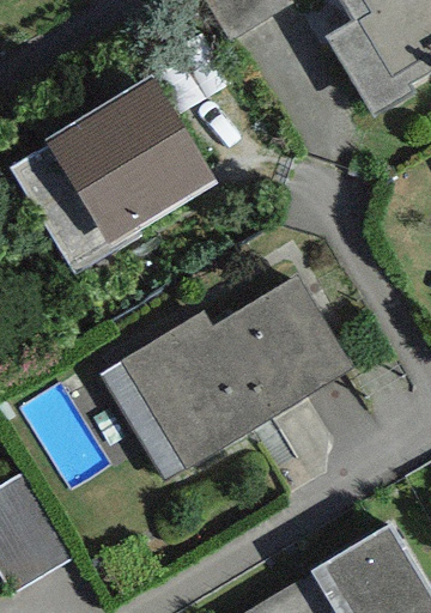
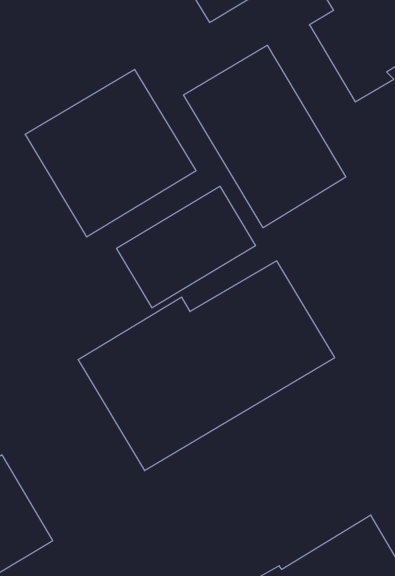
building: none -> [183,45,346,228]
building: none -> [117,186,255,308]

